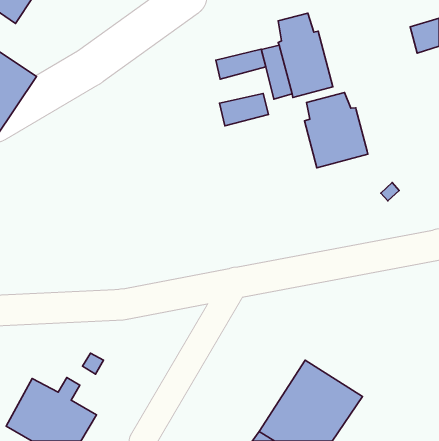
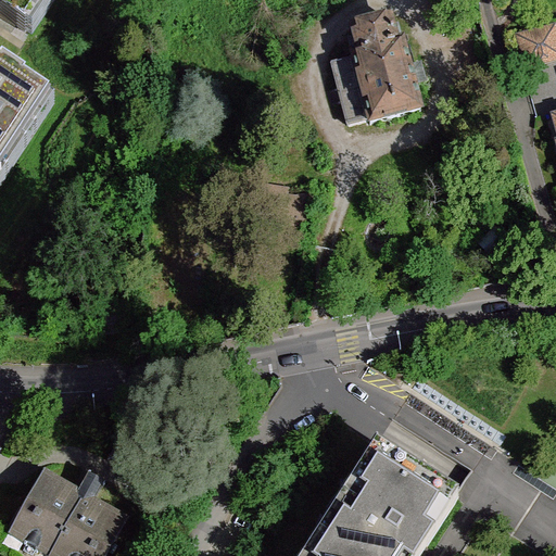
building: [216,49,266,79] -> none
building: [304,92,368,168] -> none
building: [220,93,269,126] -> none

